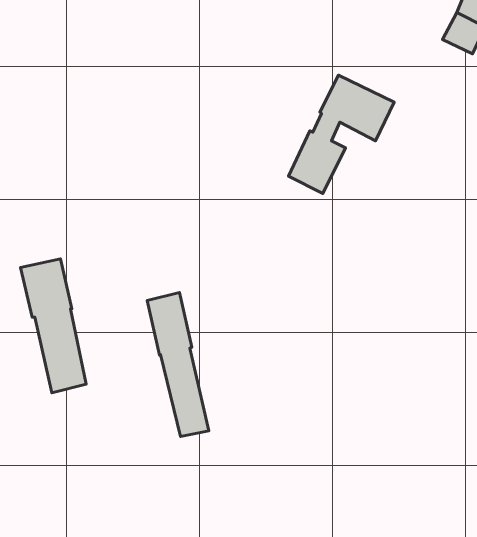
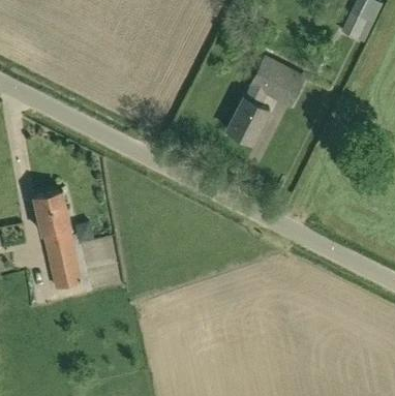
building: [147,292,209,436] -> none

